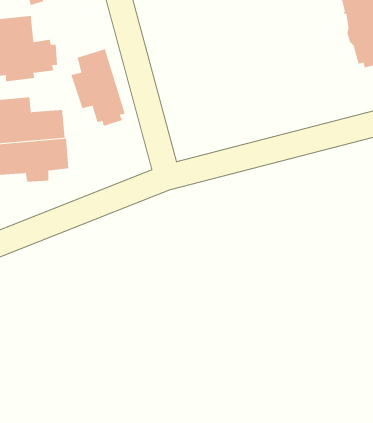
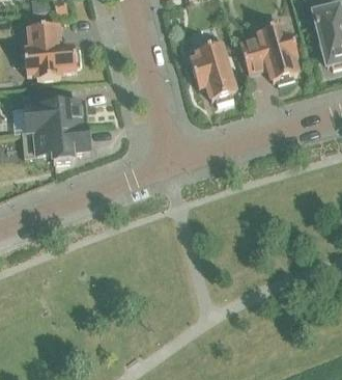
building: none -> [240,25,297,83]
building: [70,49,126,126] -> [190,37,235,102]

